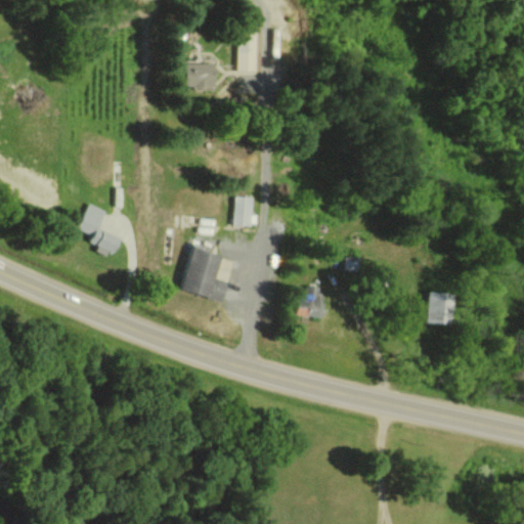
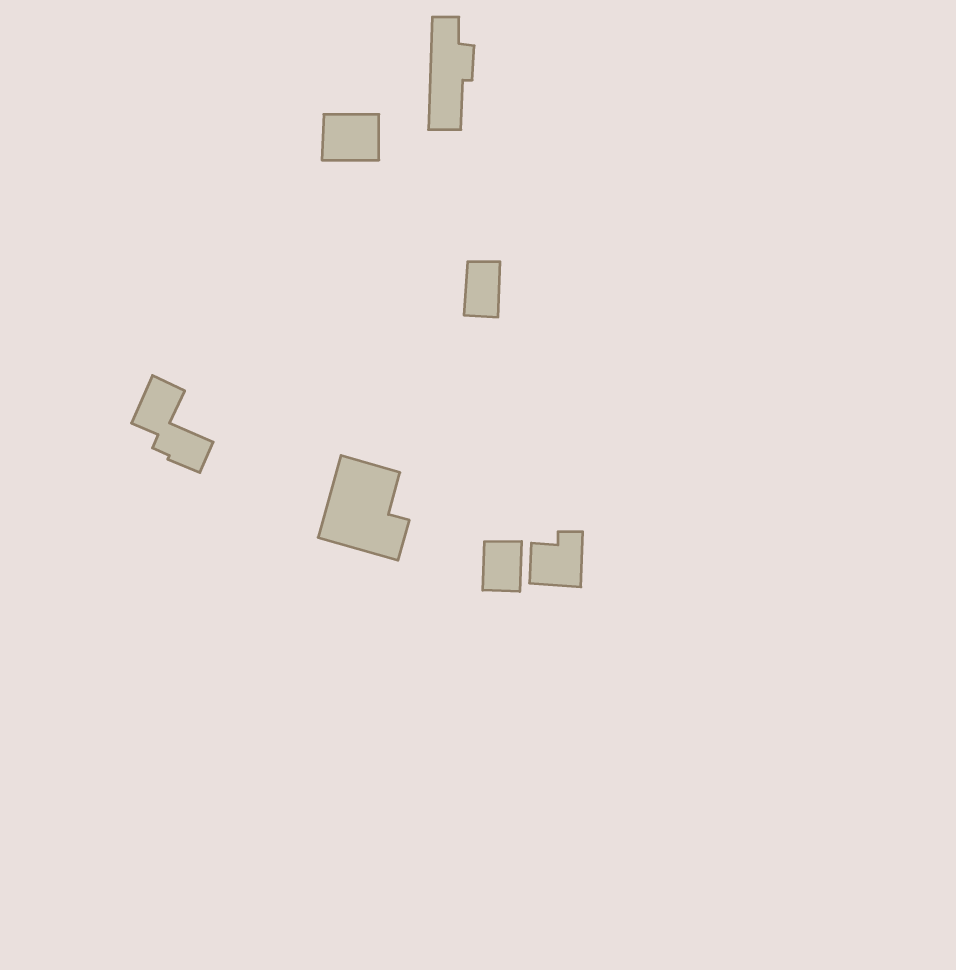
building: [236,198,256,227] -> [464,262,500,317]
building: [425,293,451,325] -> none
building: none -> [483,541,522,592]

